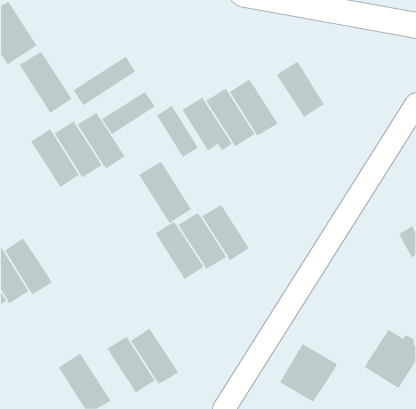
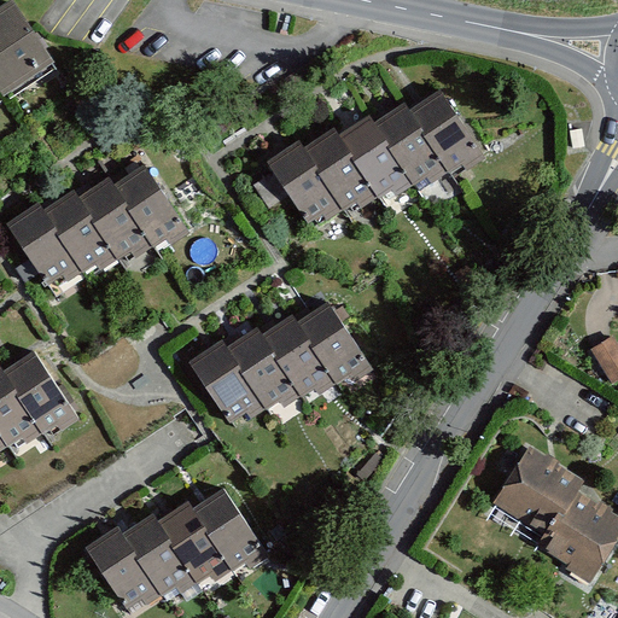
building: [19,51,73,114] -> [7,204,87,297]
building: [73,56,136,106] -> none
building: none -> [374,104,447,190]
building: [101,91,156,135] -> none
building: [156,105,199,158] -> none
building: [138,161,192,224] -> [191,340,270,433]
building: [279,343,338,402] -> [495,447,582,535]
building: none -> [123,511,198,599]

